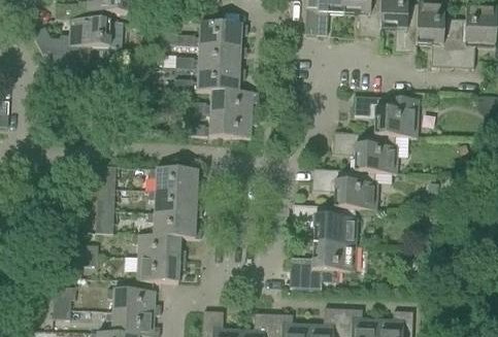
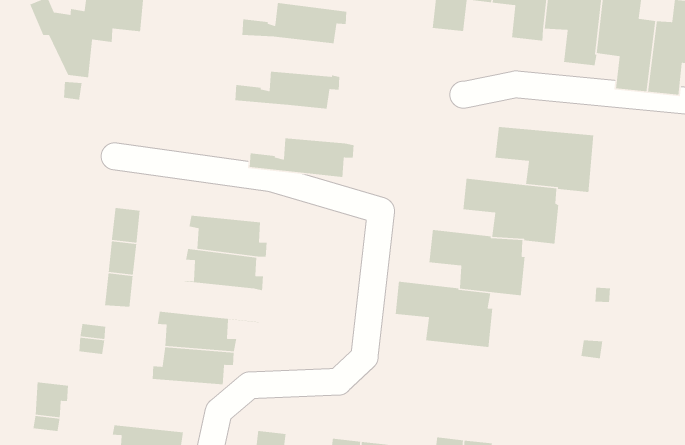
building: [175,45,245,69] -> none
building: [188,91,258,113] -> none
building: [146,213,200,237] -> none
building: [289,243,356,282] -> none
building: [106,289,160,314] -> none

